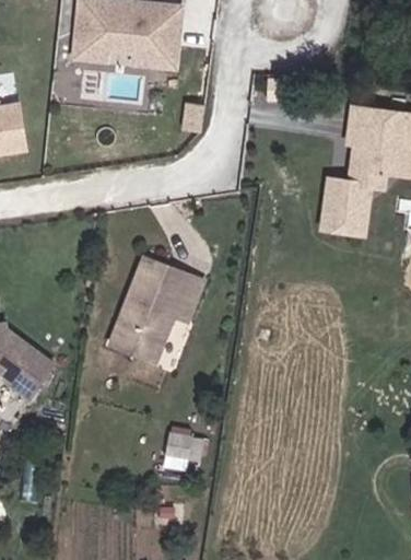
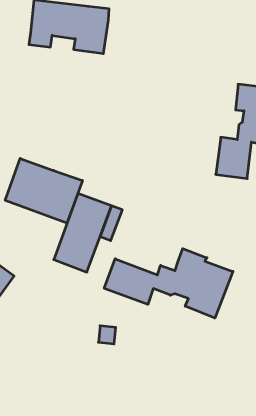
building: none -> [5,158,82,223]
building: none -> [104,249,233,318]

